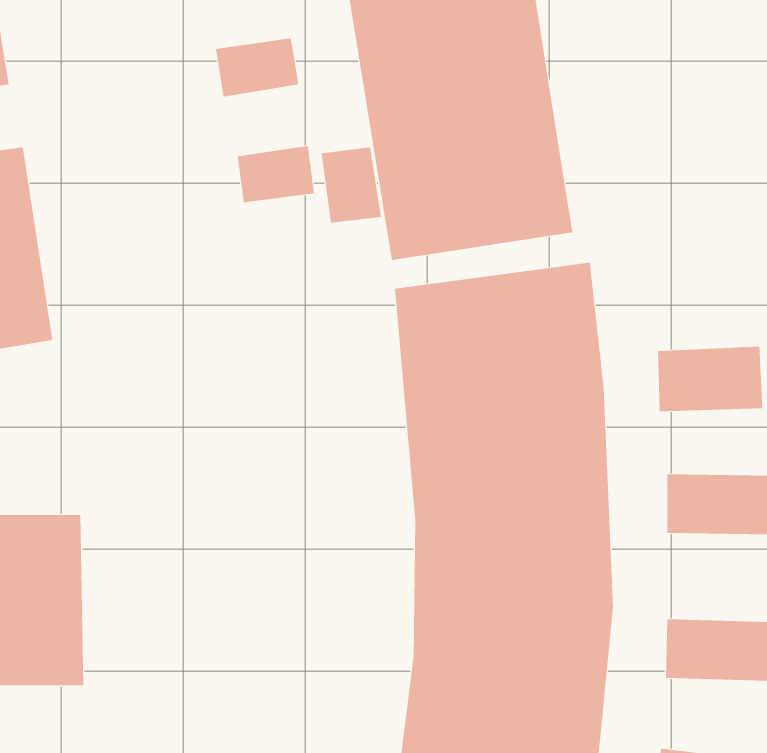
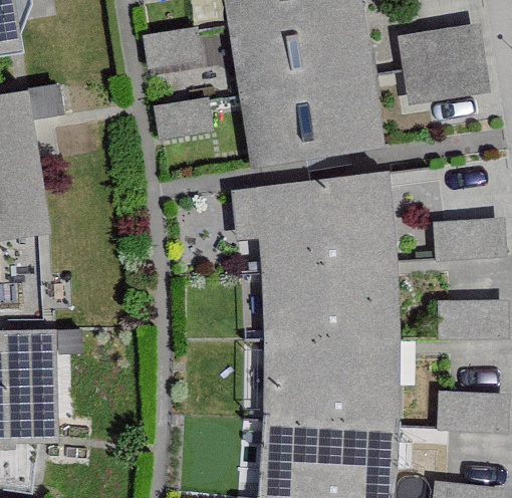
building: none -> [401,25,483,100]

